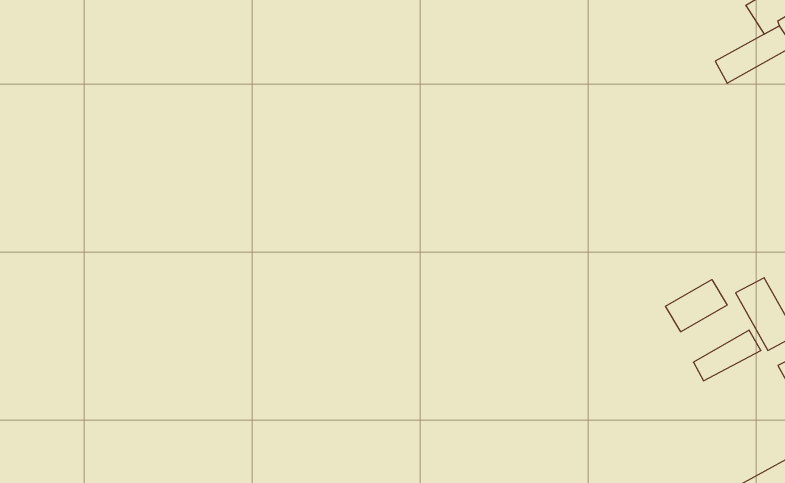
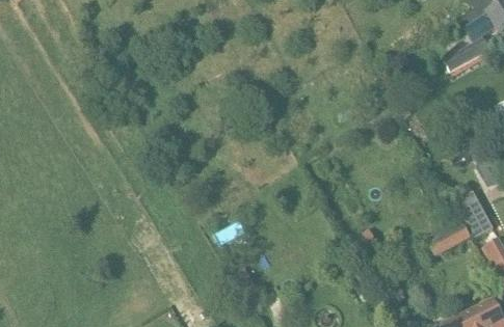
building: [665,280,727,332] -> none

